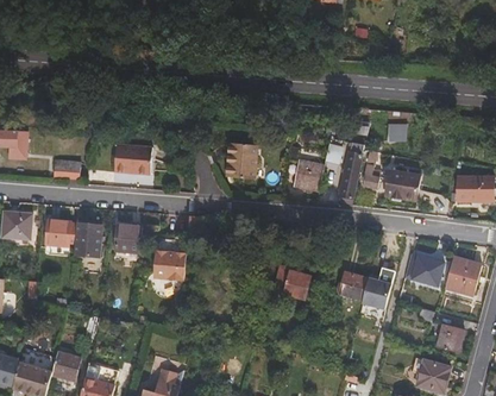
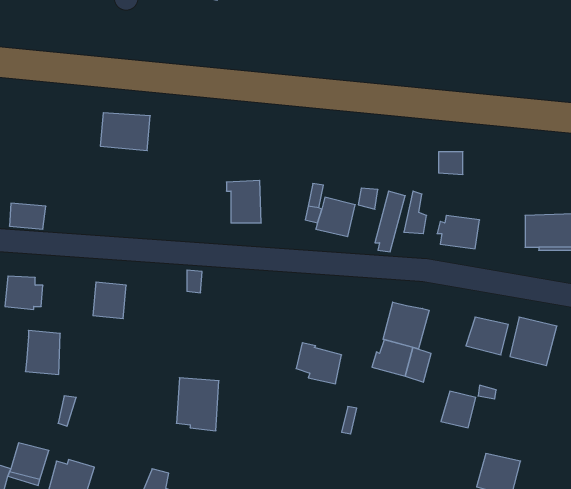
building: [112,144,151,174] -> [100,113,150,151]
building: [75,221,102,256] -> [25,330,60,374]
building: [156,238,189,279] -> [176,378,219,431]
building: none -> [383,302,429,349]
building: [437,320,464,348] -> [441,391,476,428]

